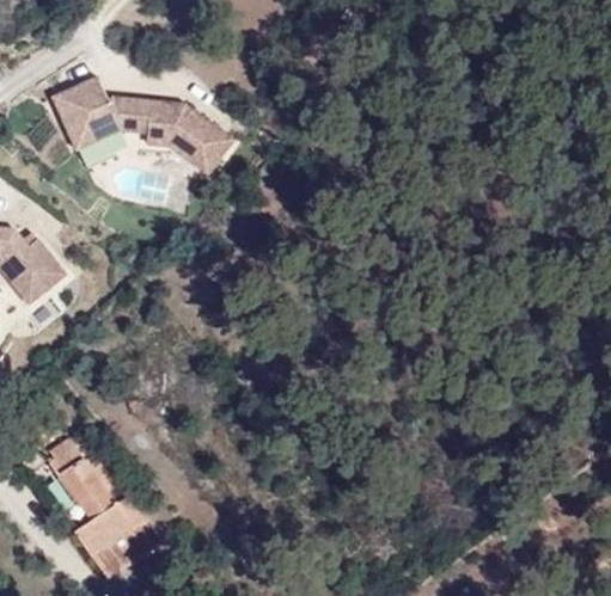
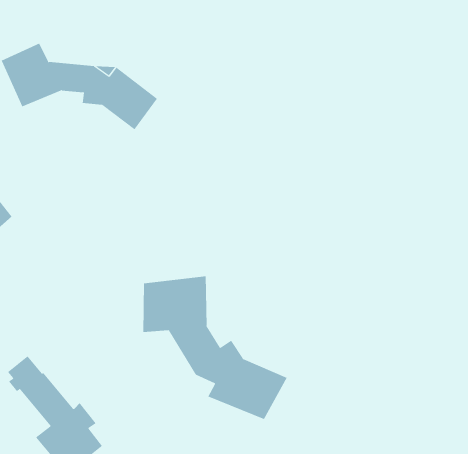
building: none -> [143,276,288,420]

